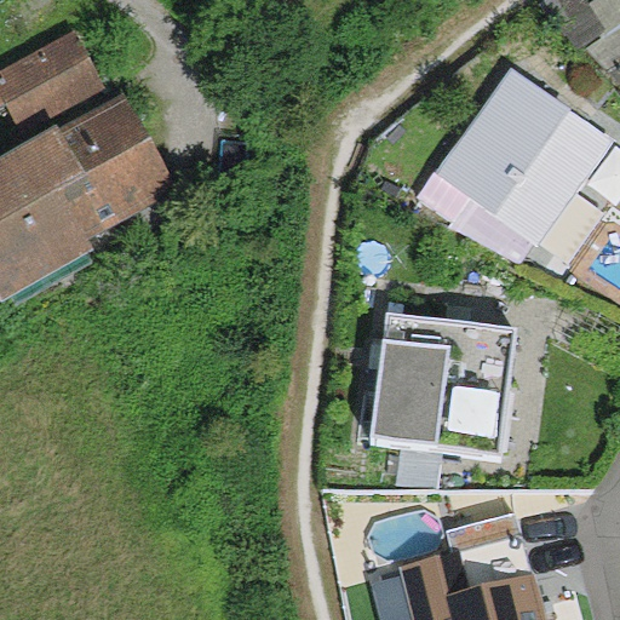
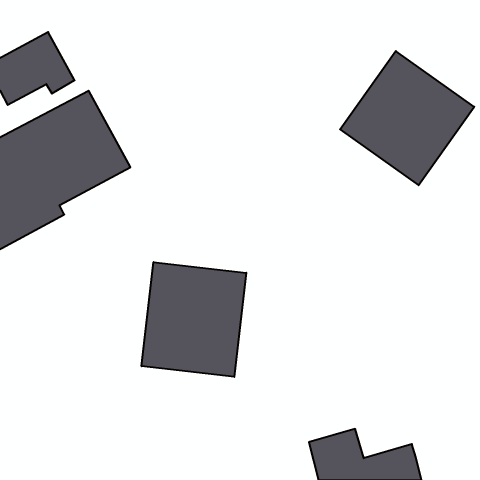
building: [371,310,513,450] -> none
building: none -> [142,262,246,377]

